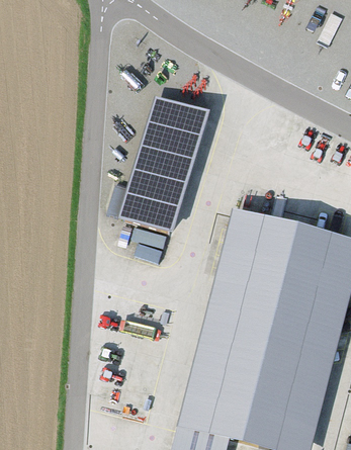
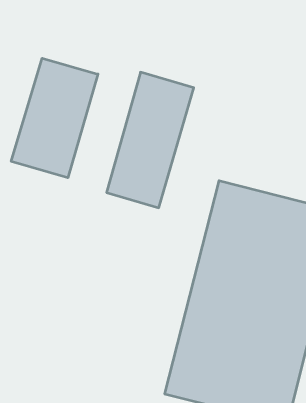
building: none -> [11,58,98,178]

